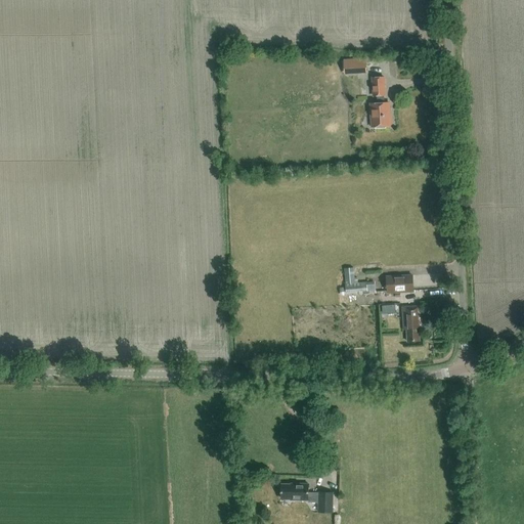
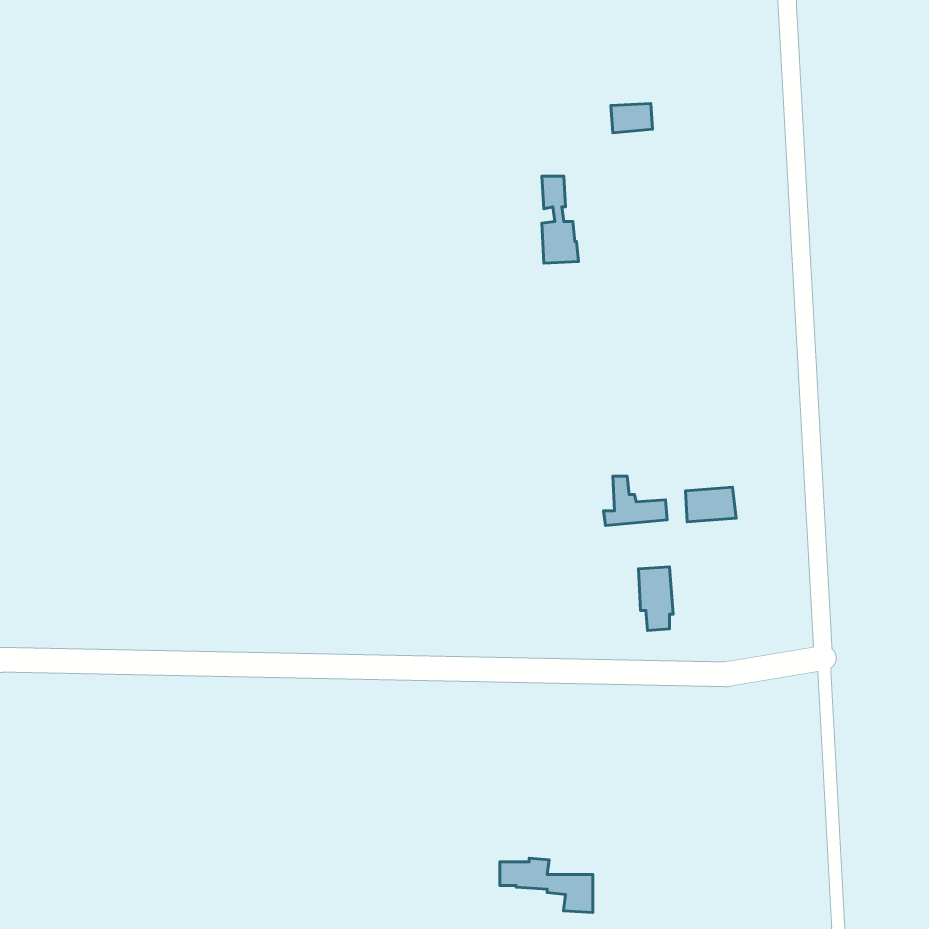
building: [372,78,392,127] -> [542,176,578,263]
building: [402,306,422,342] -> [639,567,673,630]

